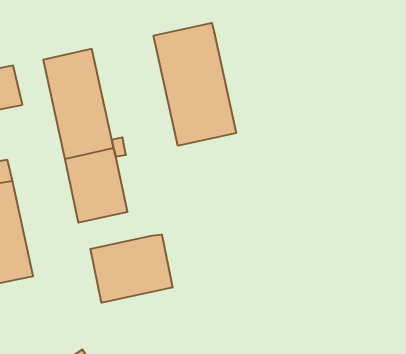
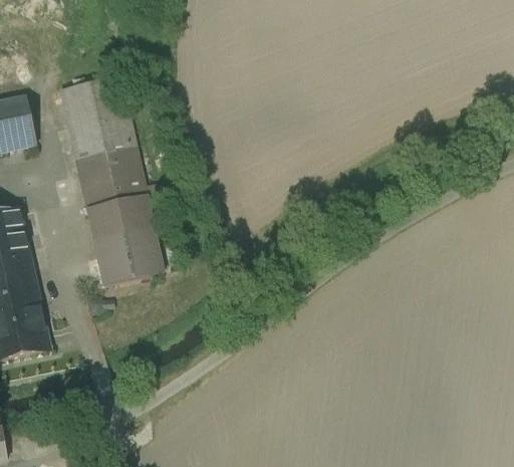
building: [154,23,236,146] -> none
building: [90,234,172,303] -> none

